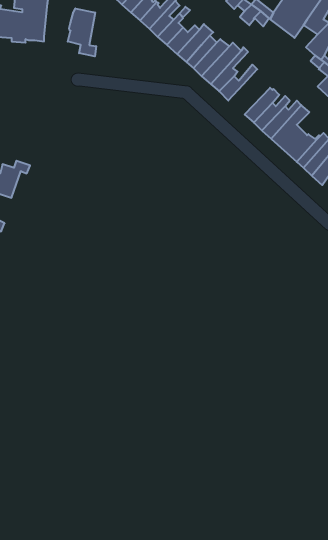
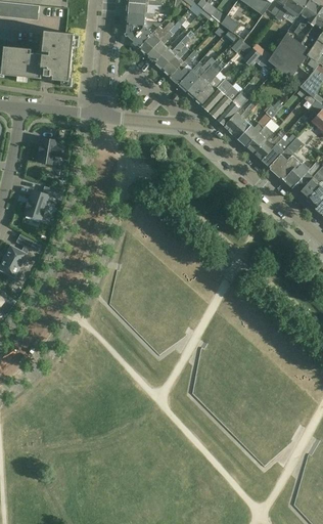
building: [68,8,96,56] -> none
building: none -> [231,100,282,145]
building: none -> [38,137,64,164]

